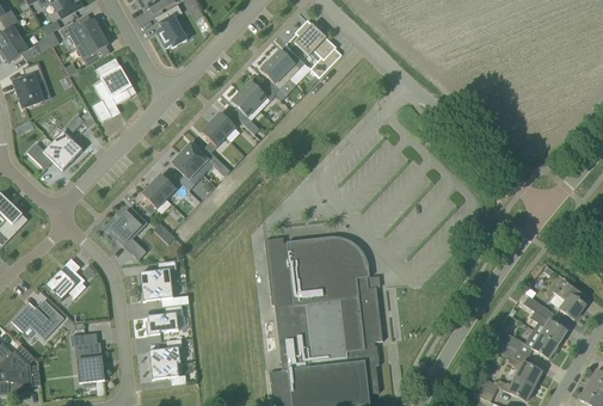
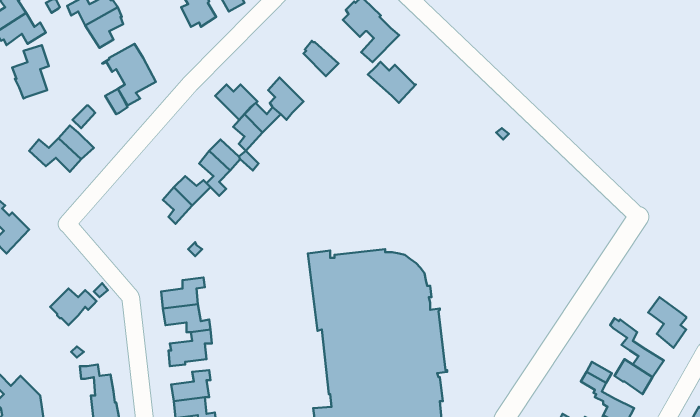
building: [270,49,310,84] -> [368,62,416,103]
building: [240,80,276,110] -> [215,85,257,120]
building: [107,204,148,259] -> none
building: [11,299,63,338] -> none

